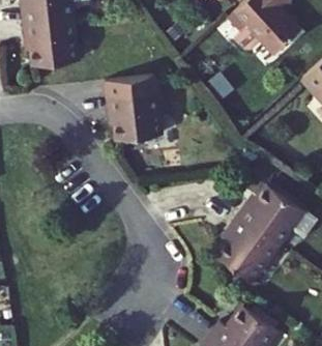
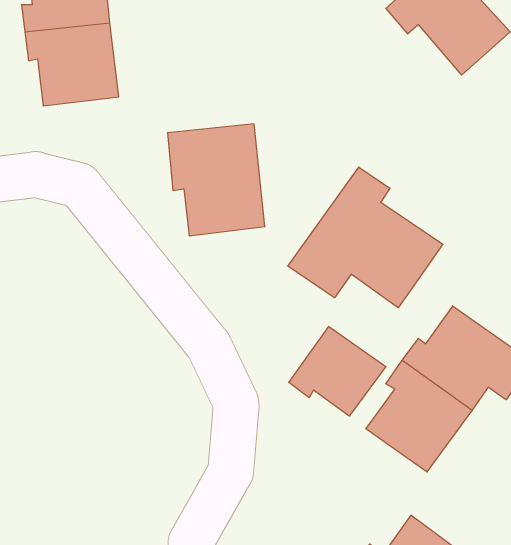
building: none -> [288,167,443,308]
building: none -> [289,326,386,416]

